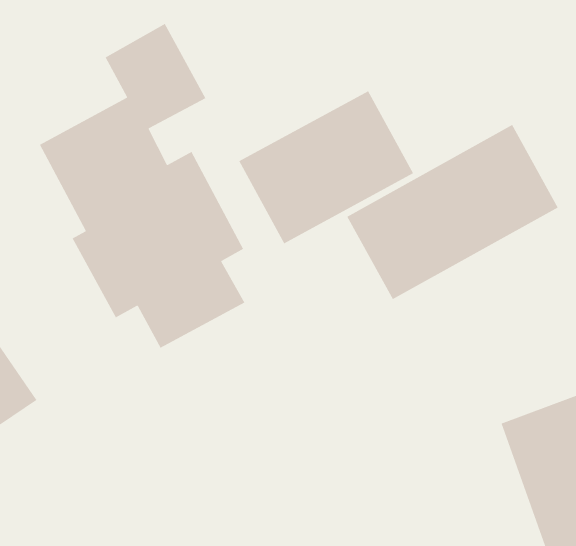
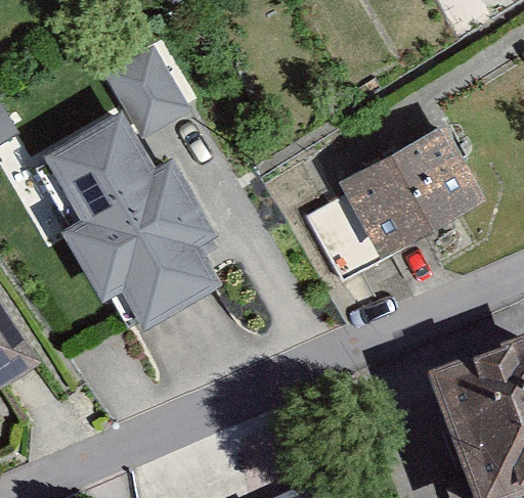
building: [238,90,414,244] -> none

